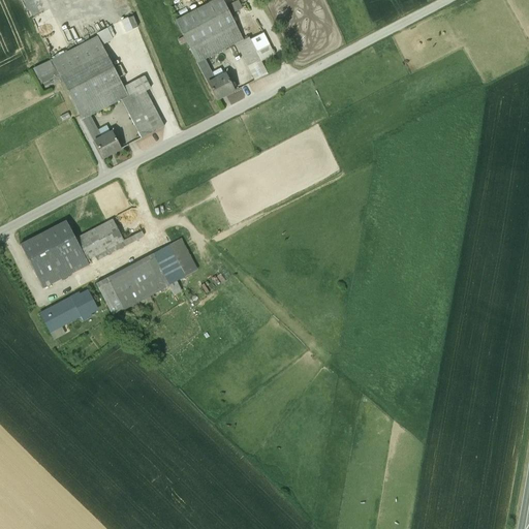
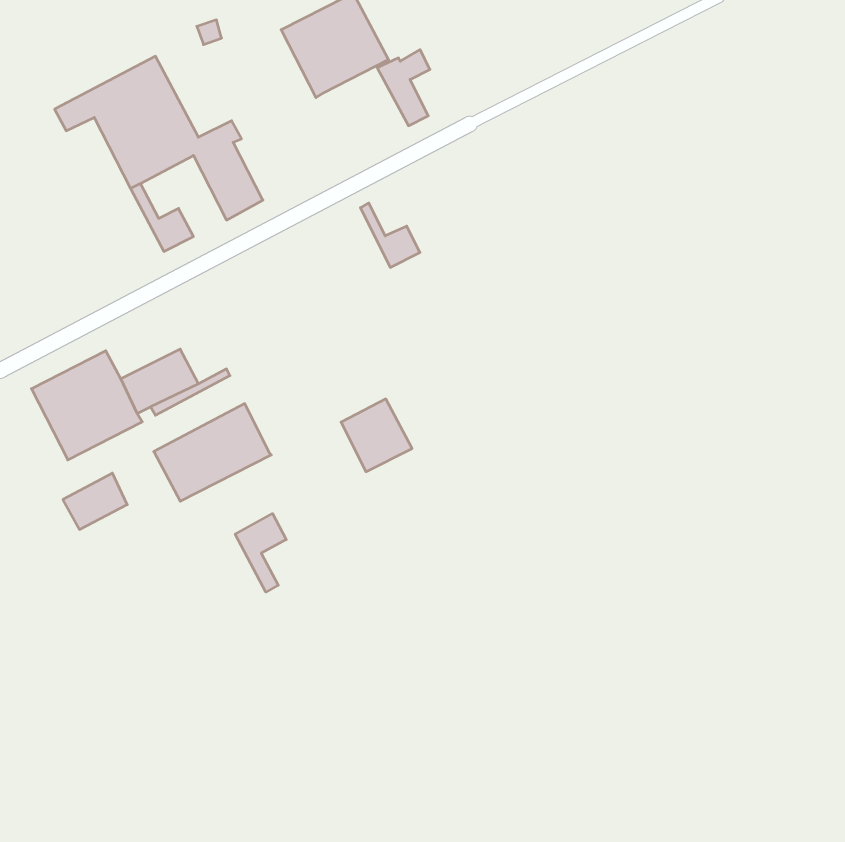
building: [197,58,235,98] -> [360,203,420,267]
building: [153,238,197,283] -> [341,399,412,472]
building: [70,288,98,319] -> none
building: none -> [235,514,286,592]

